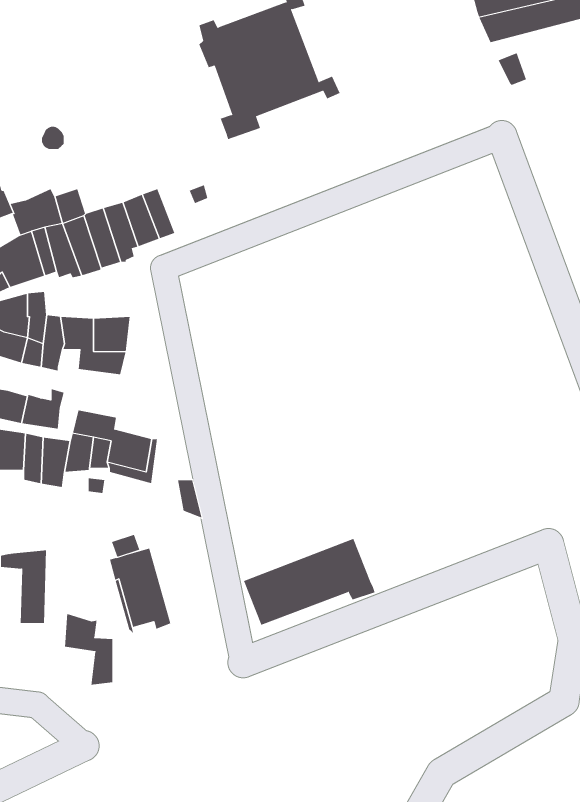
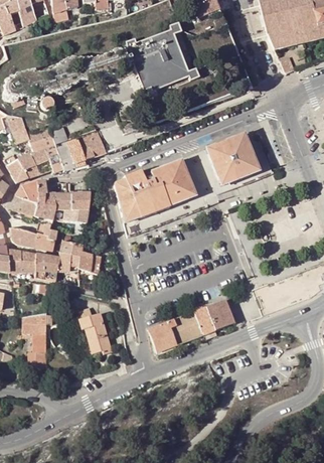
building: none -> [207,129,263,183]
building: none -> [115,156,199,221]
building: none -> [205,299,233,330]
building: [64,613,113,685] -> none

